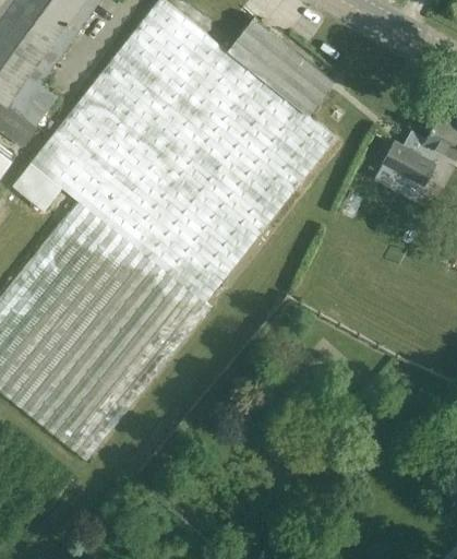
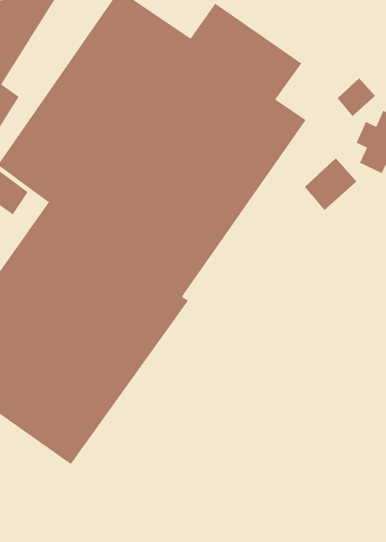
building: none -> [337,77,376,117]
building: none -> [304,158,357,211]

